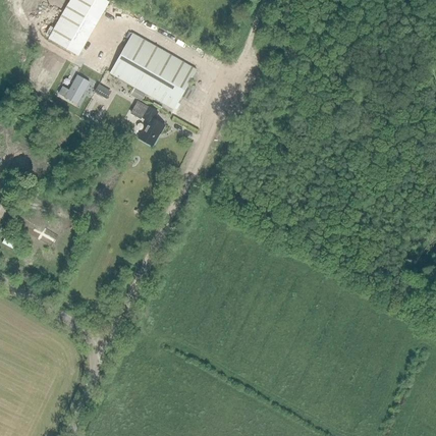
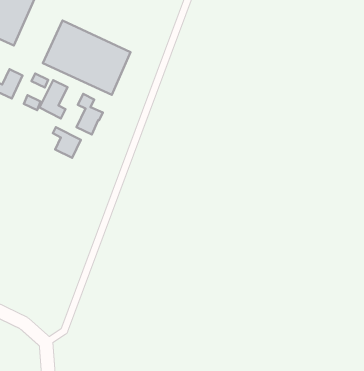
building: none -> [40,80,68,118]
building: none -> [53,127,81,158]

